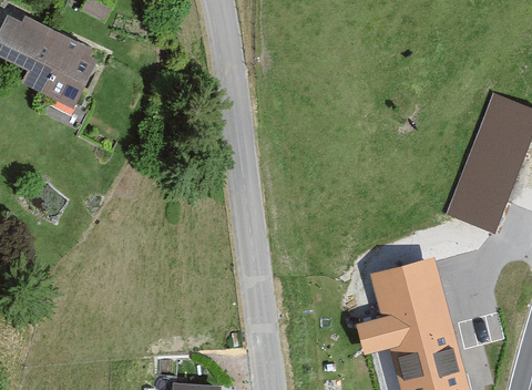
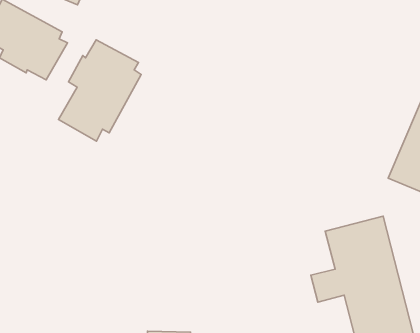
building: none -> [58,40,141,141]

